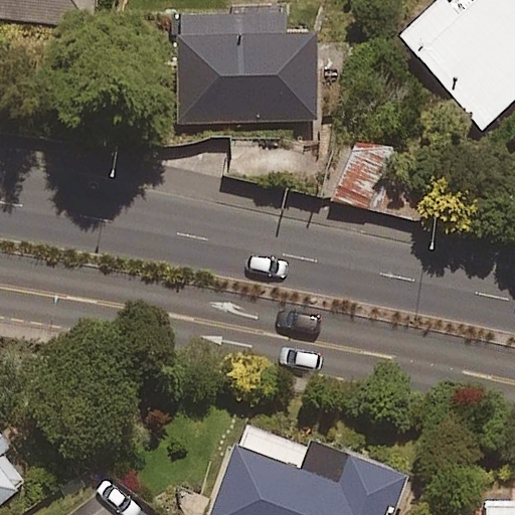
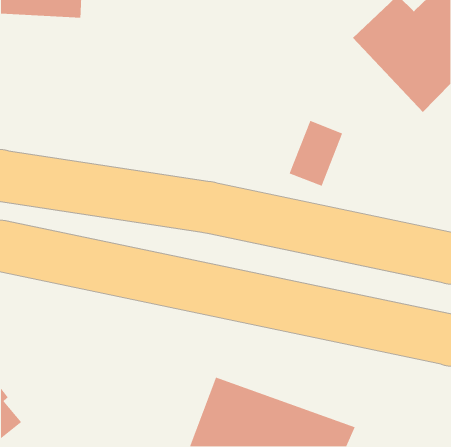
building: [178,18,315,121] -> none

